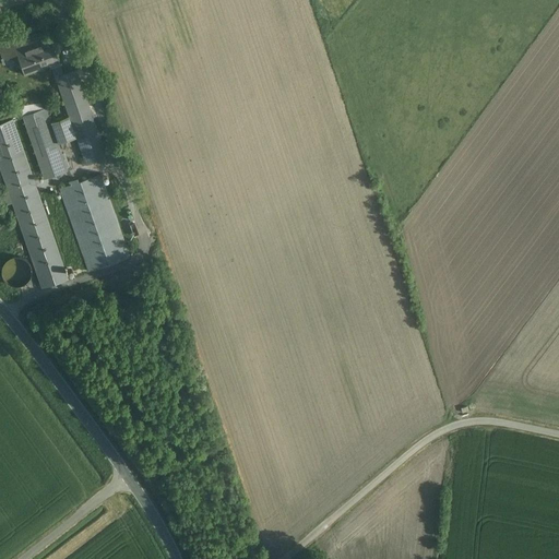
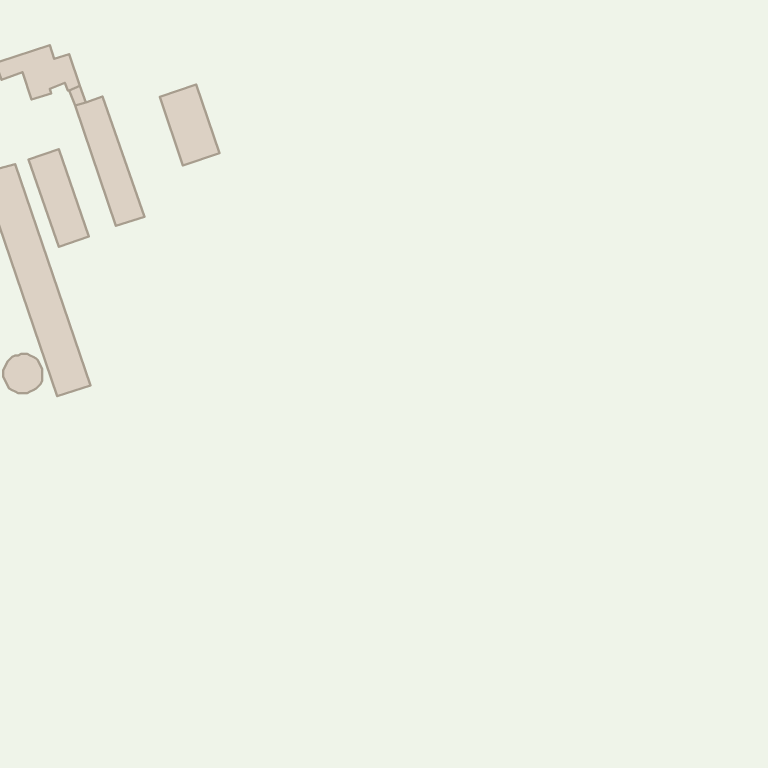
building: none -> [160,84,220,166]
building: [58,176,129,273] -> none

